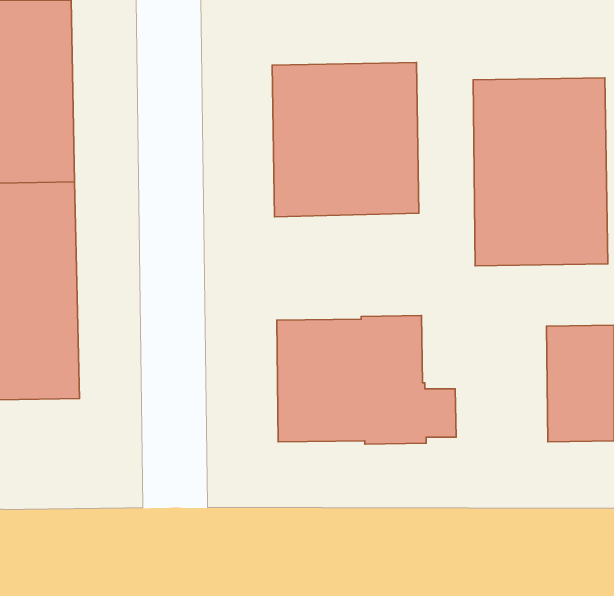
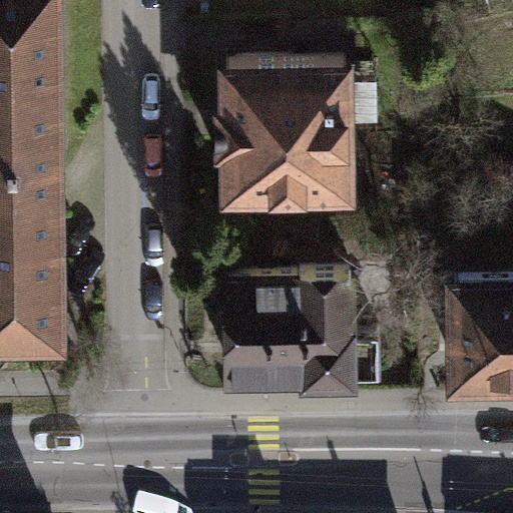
building: [473,78,608,266] -> none

